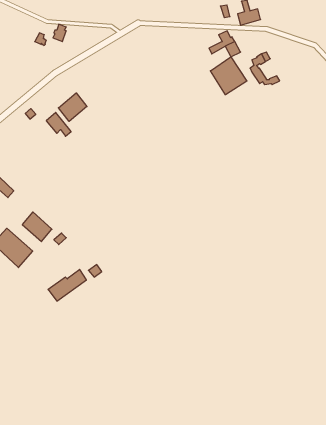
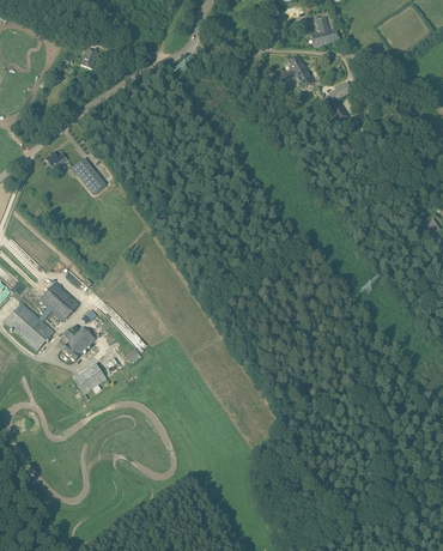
building: [210,57,247,95] -> none
building: [58,93,87,121] -> none
building: none -> [62,326,96,359]

